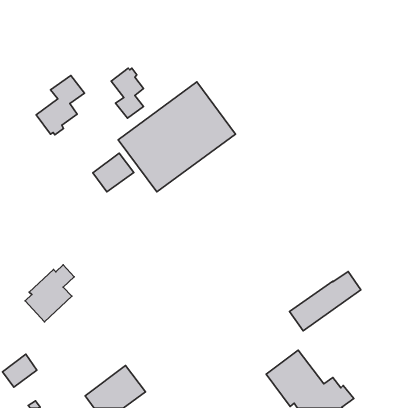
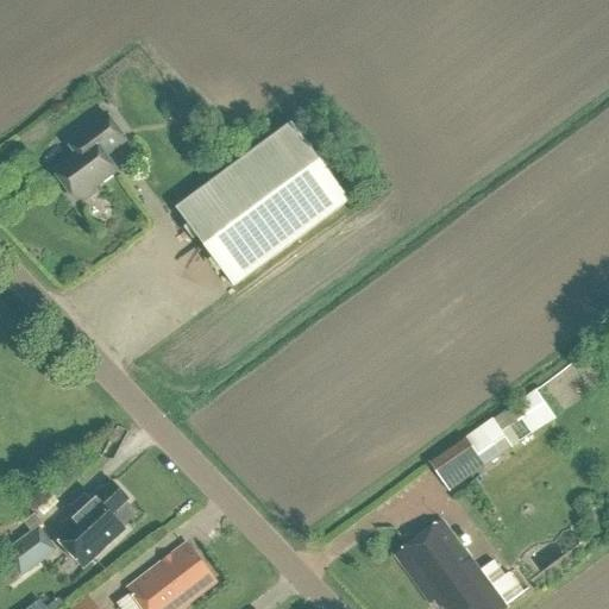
building: [111,68,144,118] -> none
building: [93,153,134,192] -> none
building: [25,265,74,322] -> [56,481,128,565]

